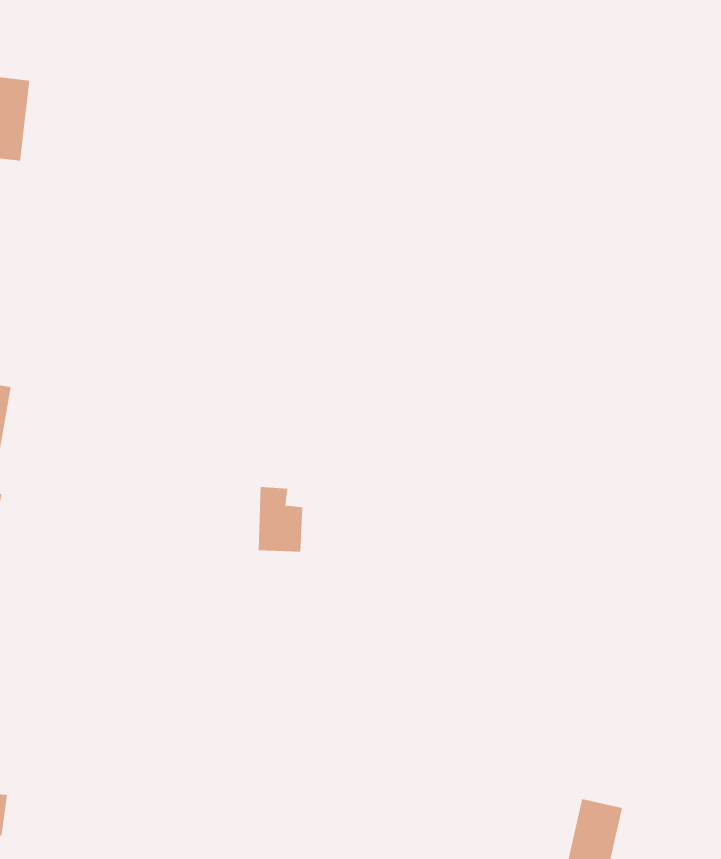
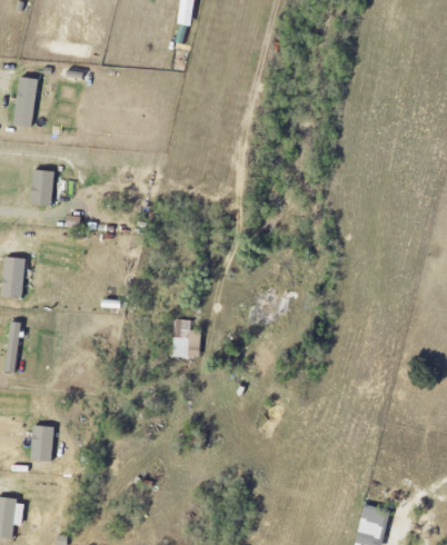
building: none -> [31,169,53,205]
building: none -> [31,425,52,460]

